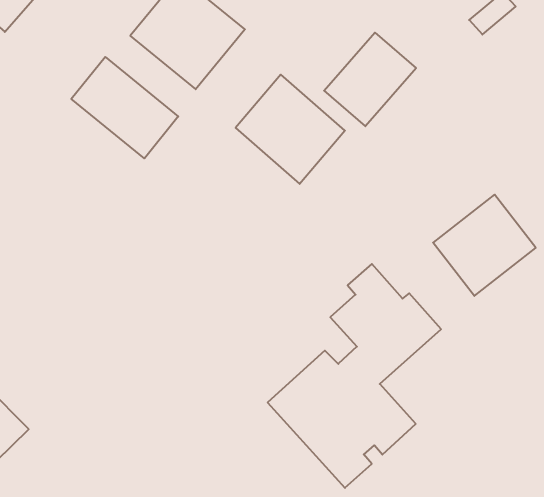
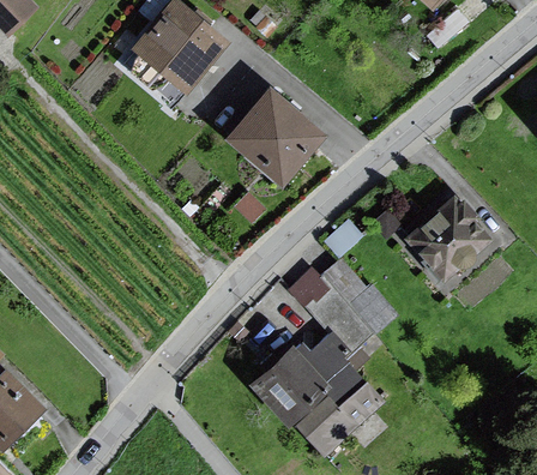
building: [324,33,416,126] -> none
building: [71,57,178,158] -> none

